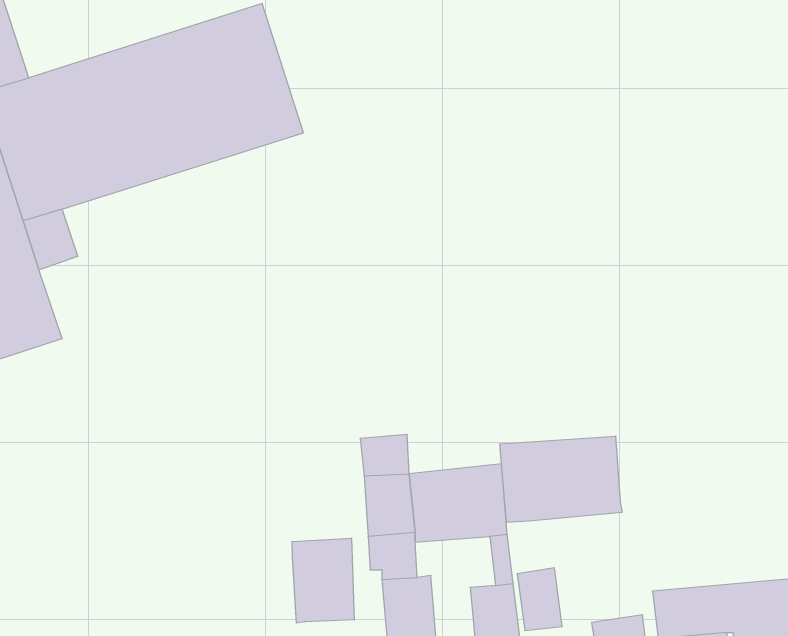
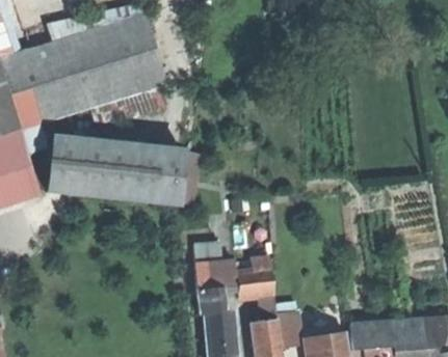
building: none -> [47,135,186,204]
building: [500,436,622,522] -> none
building: [292,538,354,623] -> none

